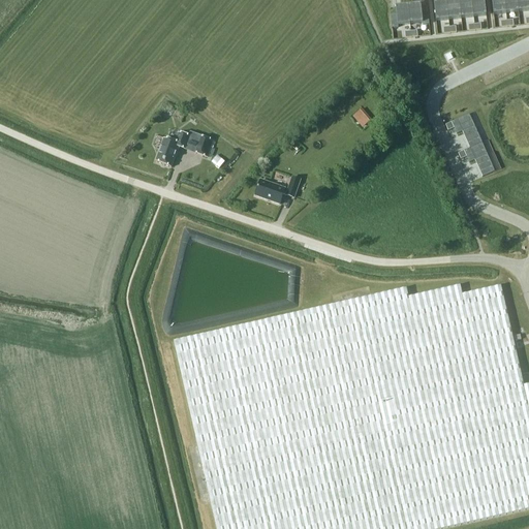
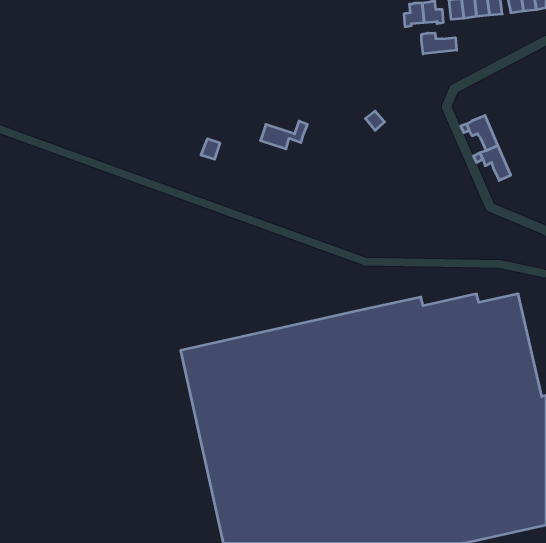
building: none -> [421,33,457,54]
building: [156,130,190,165] -> none
building: [255,175,301,201] -> [260,121,307,149]

